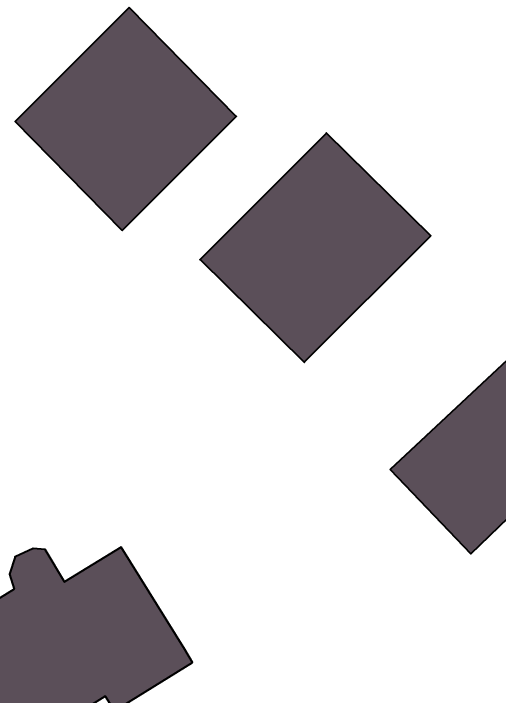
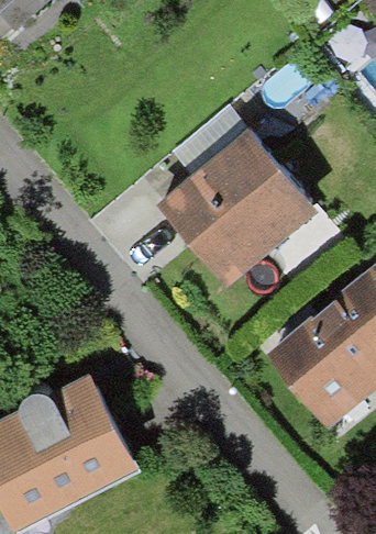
building: [15,8,236,230] -> none

